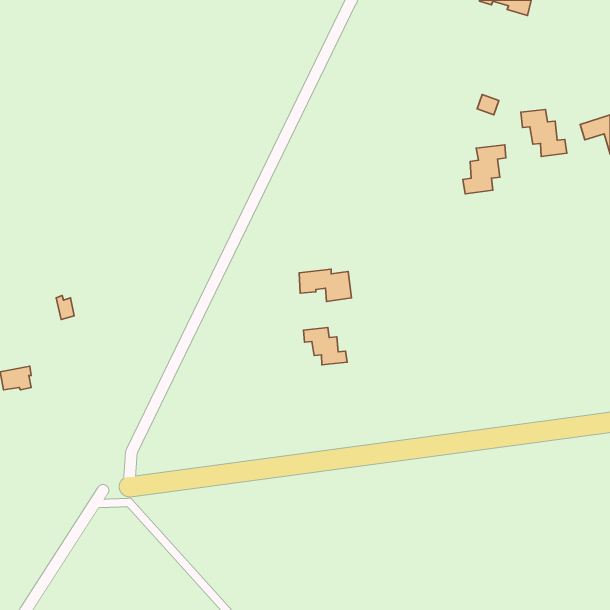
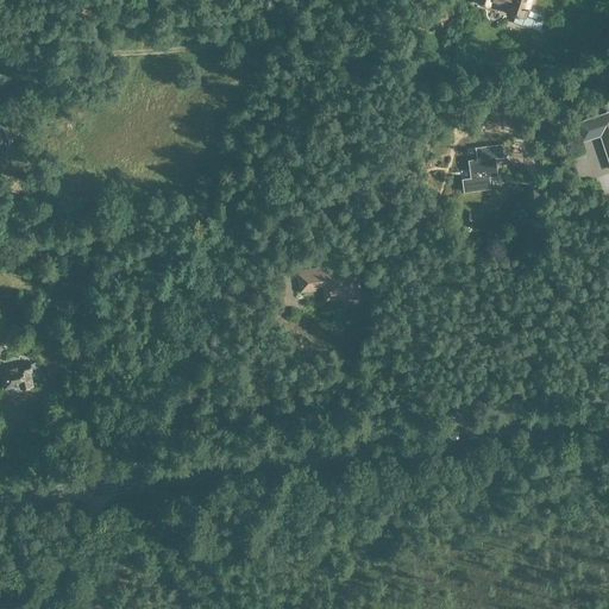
building: [521,109,567,156] -> none
building: [304,328,347,365] -> none

